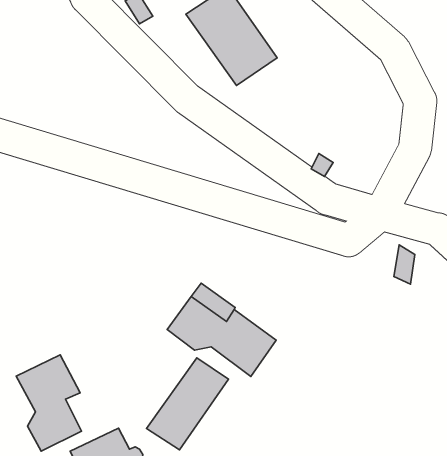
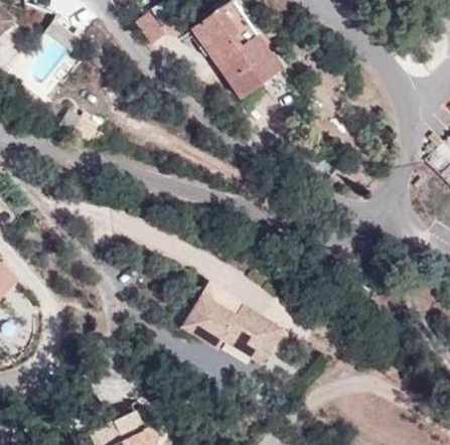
building: [16,355,81,451] -> none
building: [147,358,229,450] -> none

